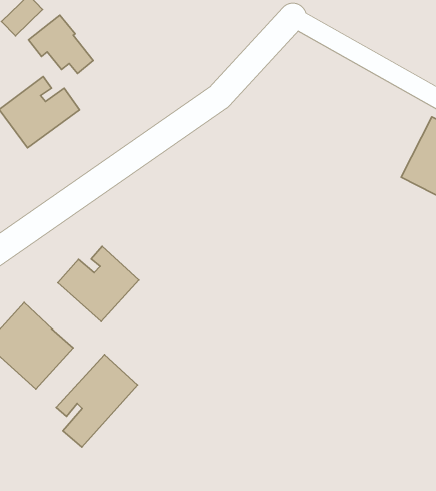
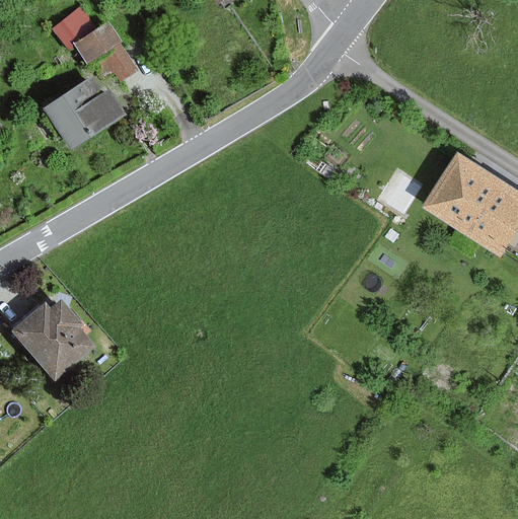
building: [58,246,139,321] -> none
building: [56,355,138,447] -> none

